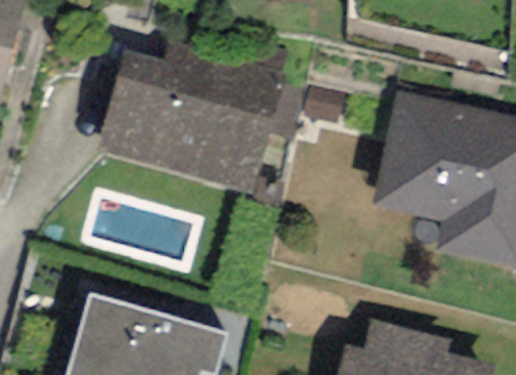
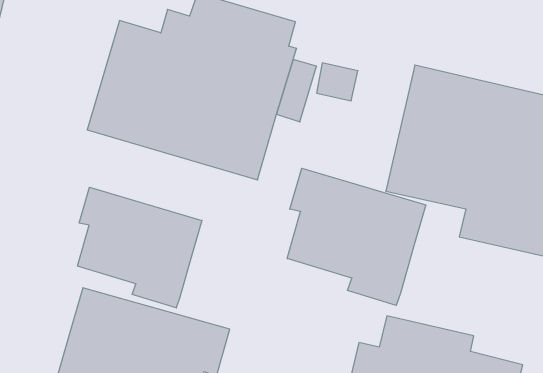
building: none -> [287,168,426,305]
building: none -> [77,187,202,308]

